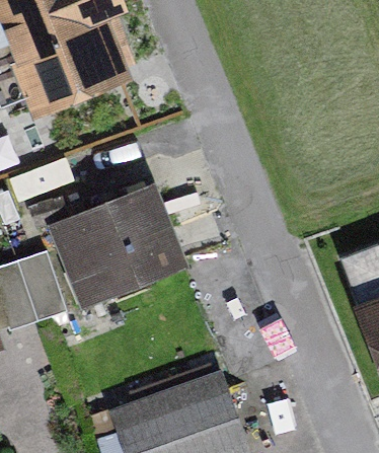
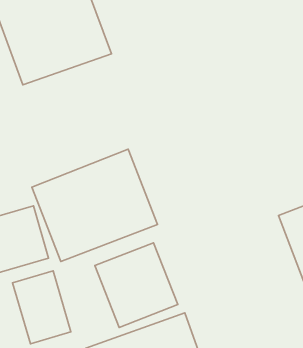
building: none -> [95,243,178,327]
building: none -> [13,271,71,344]

